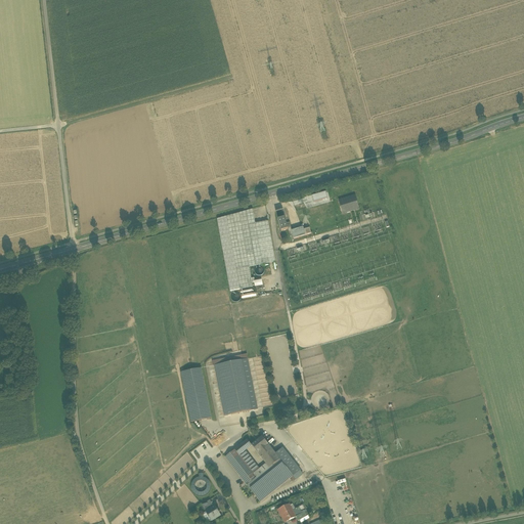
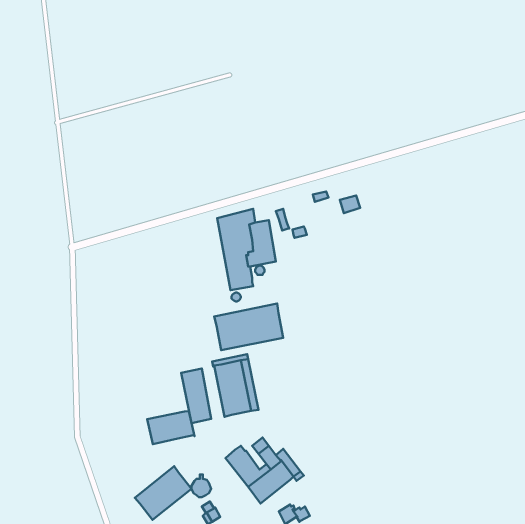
building: none -> [214,304,283,350]
building: none -> [147,411,194,444]
building: none -> [135,466,191,520]

